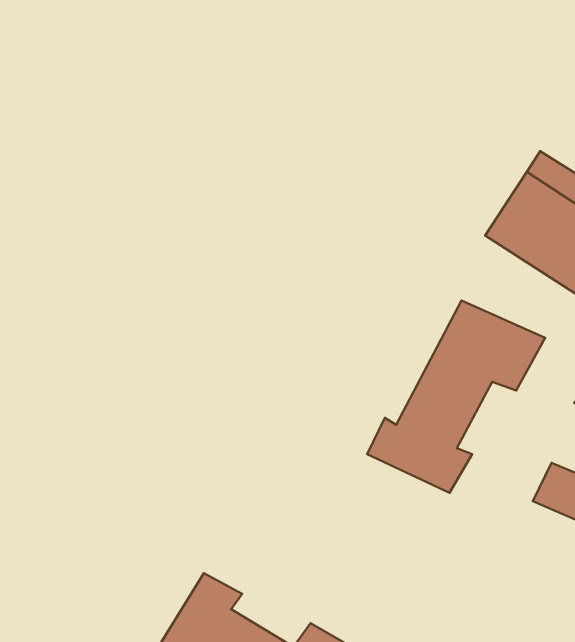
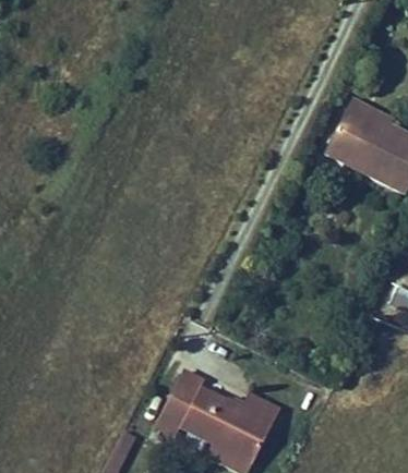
building: [367,300,545,493] -> none

